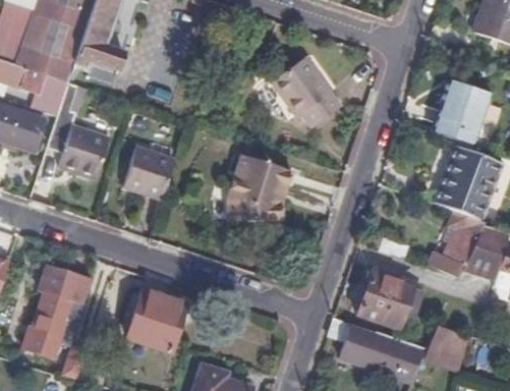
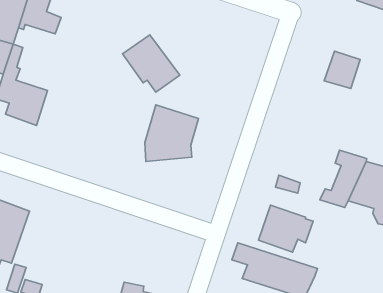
building: [272,58,340,126] -> [123,35,180,92]
building: [442,145,503,217] -> none
building: [123,146,172,196] -> none
building: [124,292,186,351] -> none
building: [428,325,473,369] -> none

